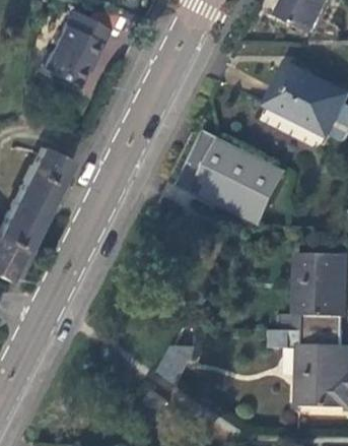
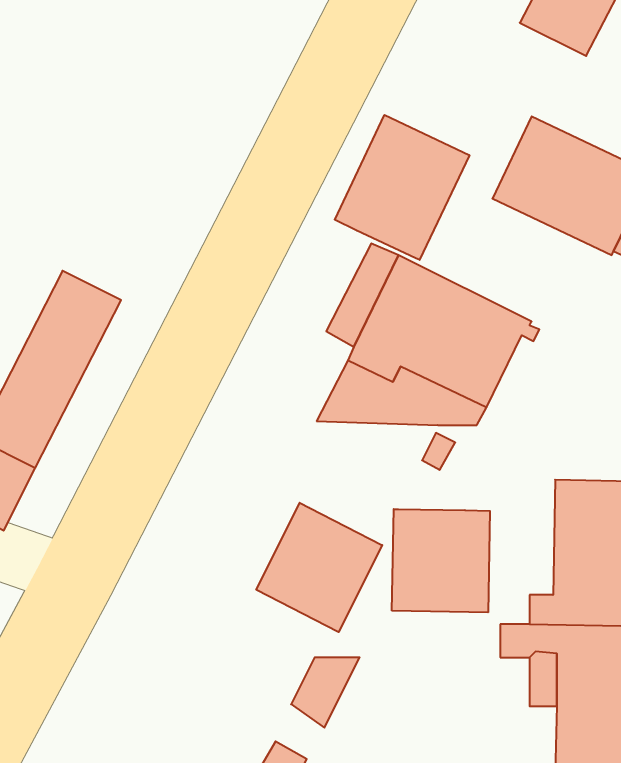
building: [44,11,108,82] -> none
building: none -> [335,115,469,260]
building: none -> [256,503,382,632]
building: none -> [392,509,490,612]

